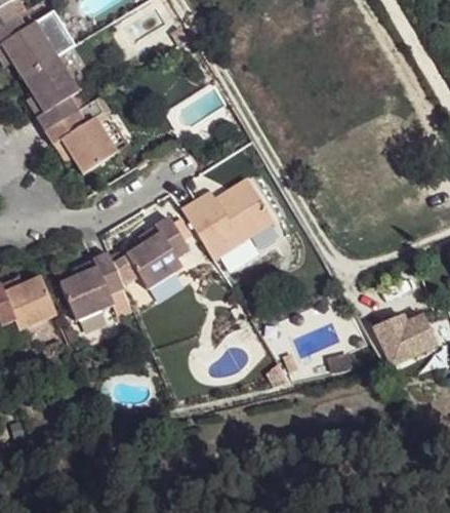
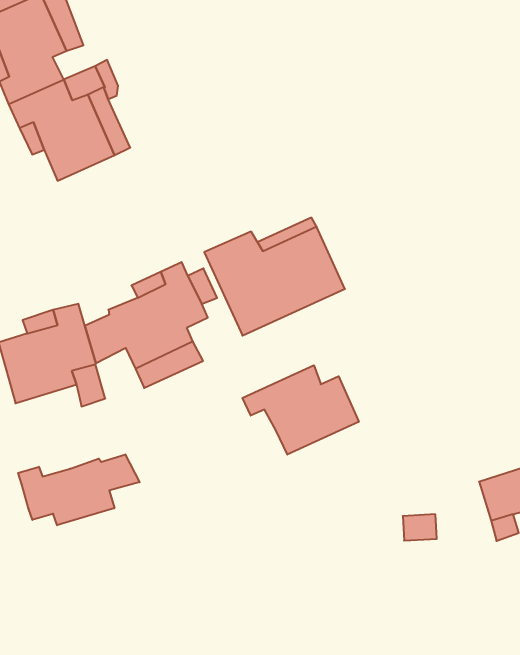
building: none -> [242,365,359,455]
building: none -> [18,454,140,525]

